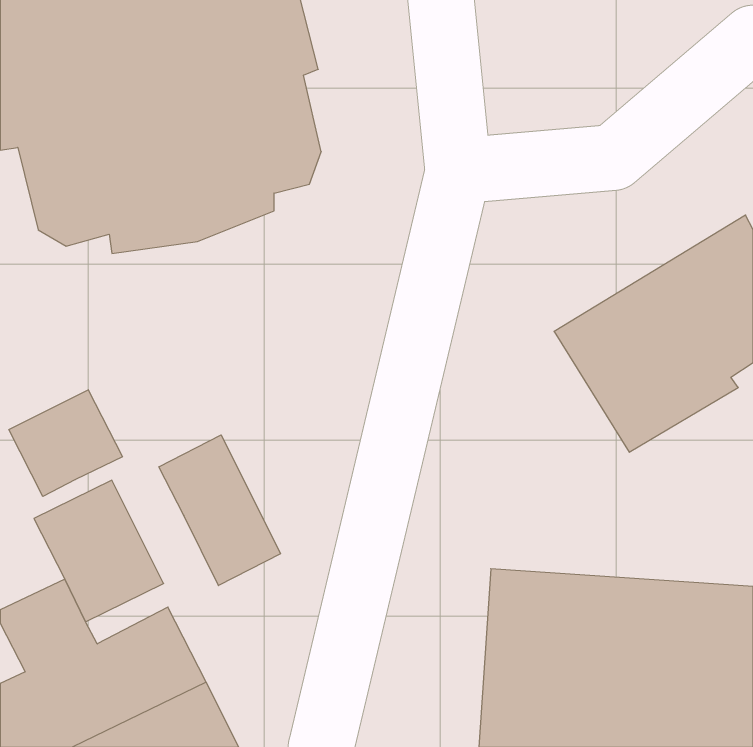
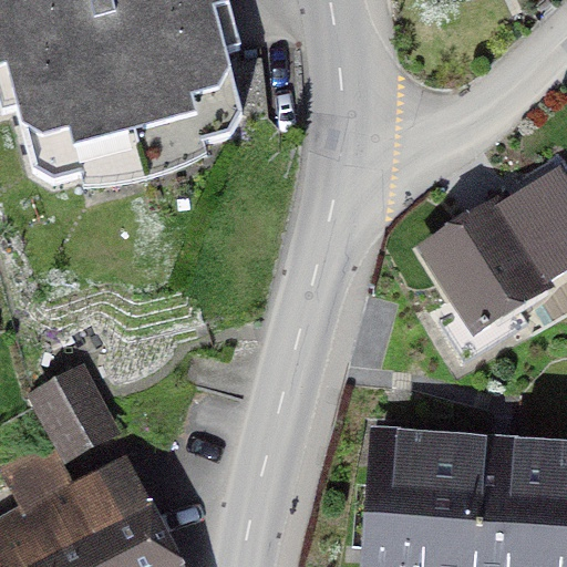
building: [9,390,122,496] -> none
building: [159,435,280,586] -> none

